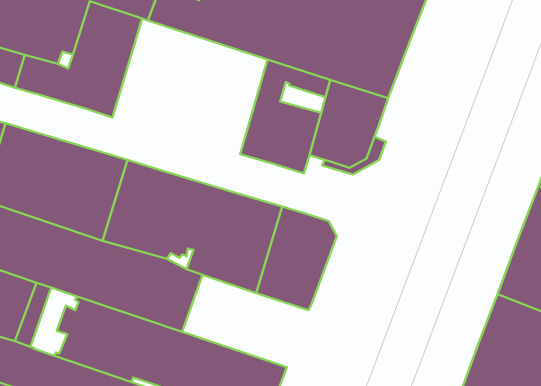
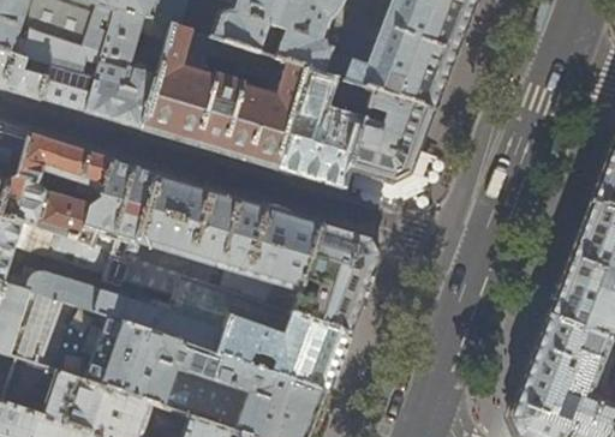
building: none -> [139,23,303,166]
building: none -> [213,293,346,390]

